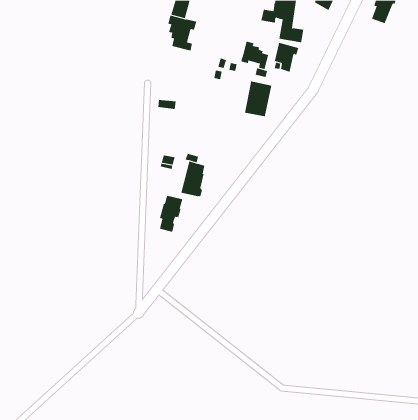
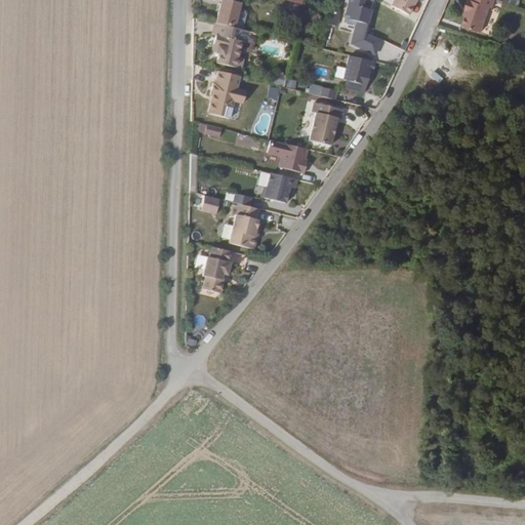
building: [240,41,269,70] -> none
building: none -> [208,67,246,115]
building: none -> [280,140,308,170]
building: none -> [262,171,297,201]

